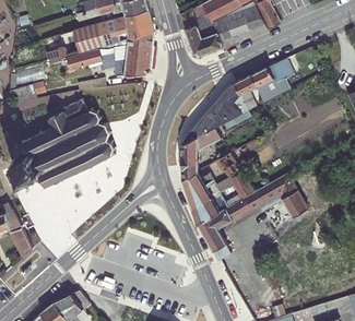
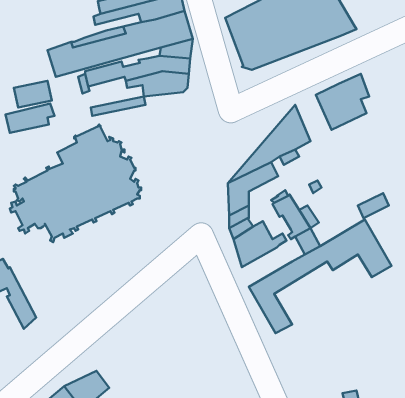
building: [234,75,256,111] -> none
building: [192,194,232,225] -> none

